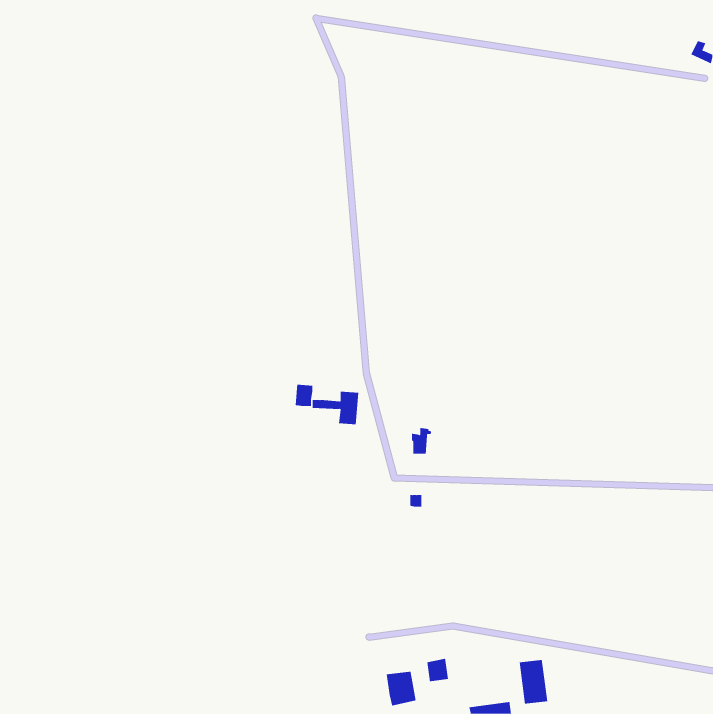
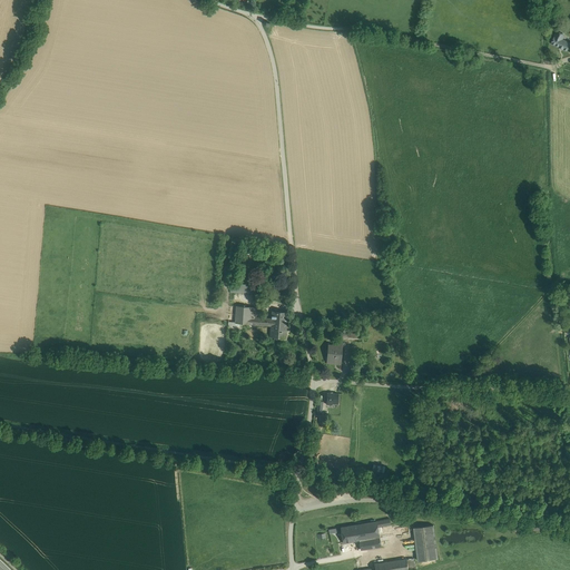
building: [386,671,417,706] -> [355,522,380,550]

